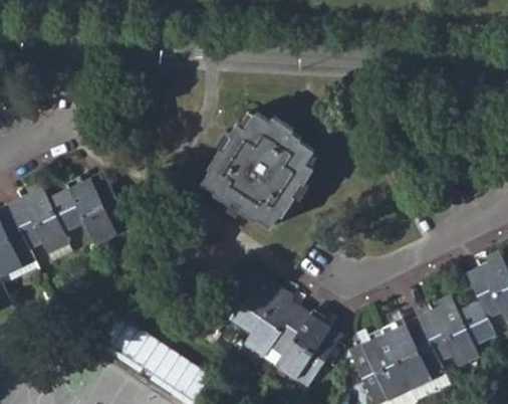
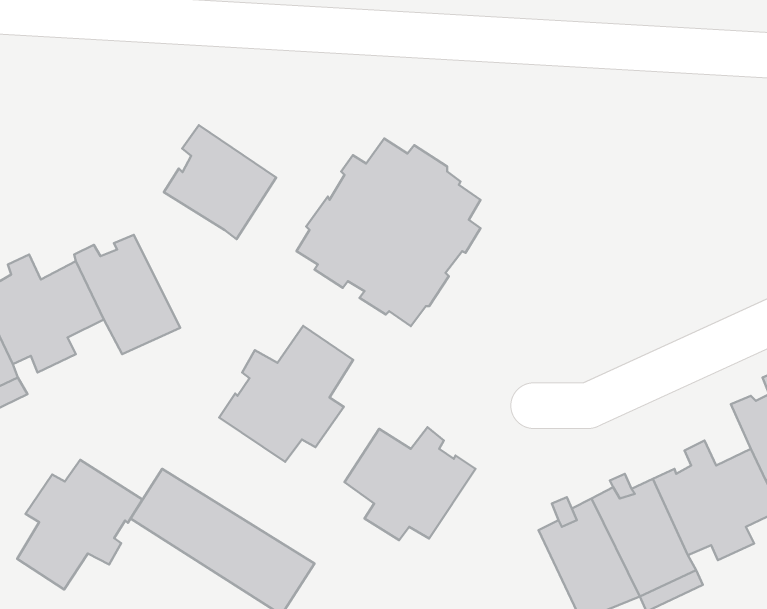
building: none -> [164,125,276,239]
building: none -> [219,326,353,462]
building: none -> [17,460,143,589]
building: [276,308,341,385] -> none

